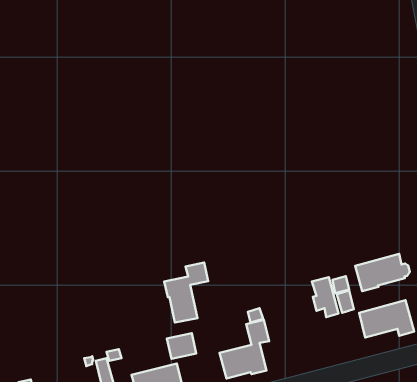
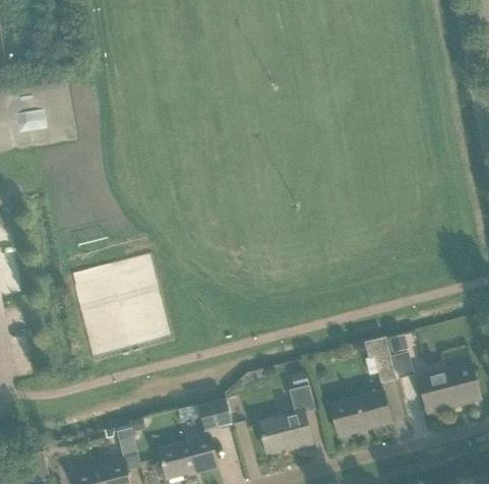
building: [355,254,410,291] -> none
building: [164,262,208,322] -> none
building: none -> [329,390,391,436]

